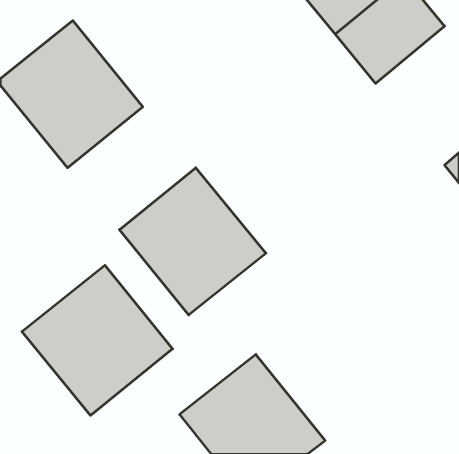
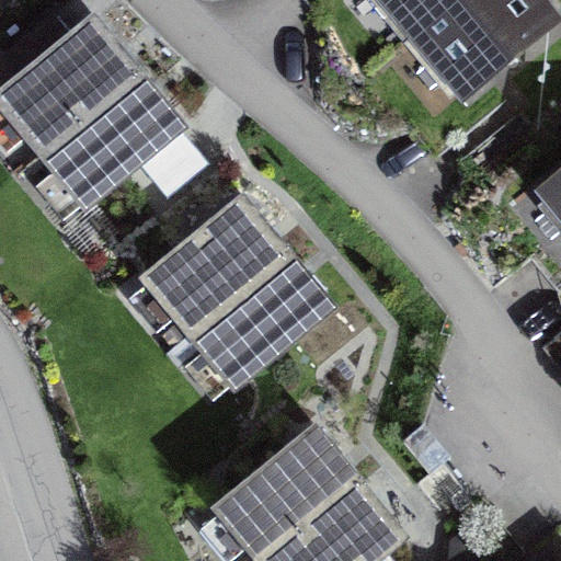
building: [22,265,173,415] -> none

